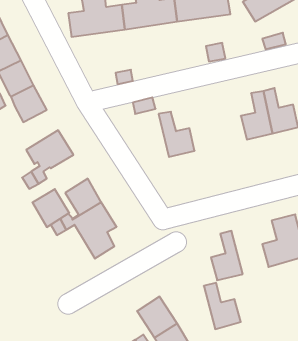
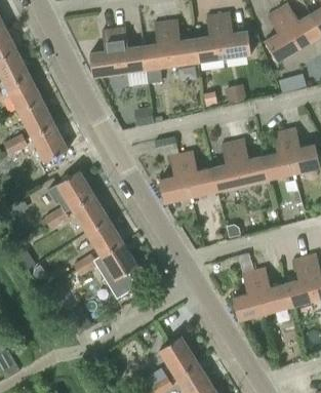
building: none -> [210,141,268,191]
building: none -> [159,154,190,203]
building: [32,189,69,227] -> [72,195,109,233]
building: [204,283,241,329] -> [252,268,289,314]

